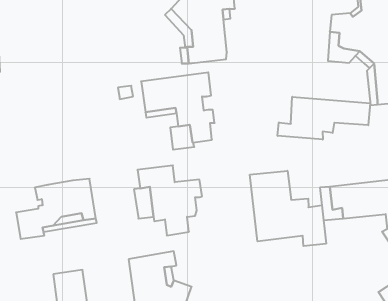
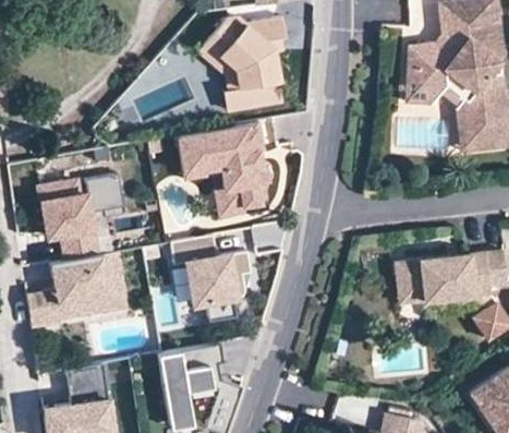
building: [278,97,370,140] -> none
building: none -> [38,175,122,258]
building: [250,171,326,246] -> none

